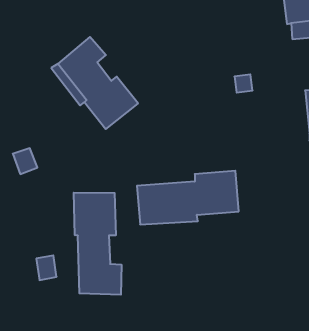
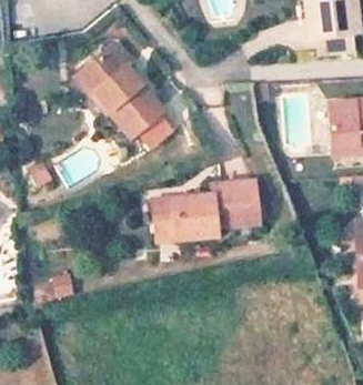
building: [74,193,121,295] -> none

